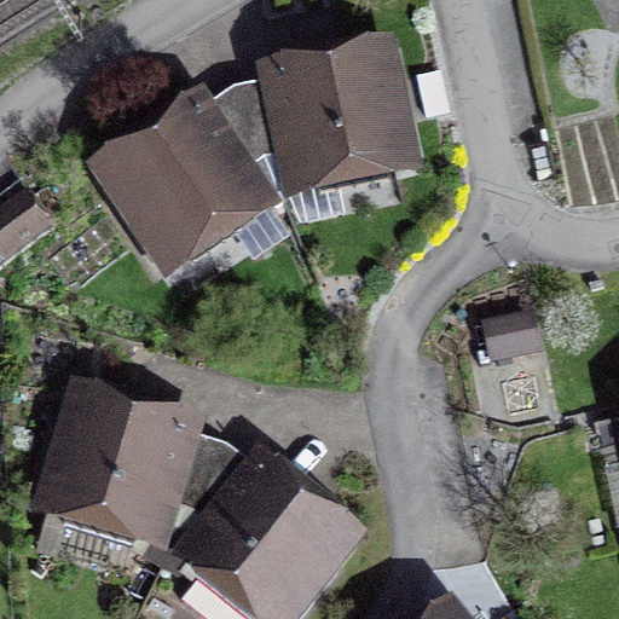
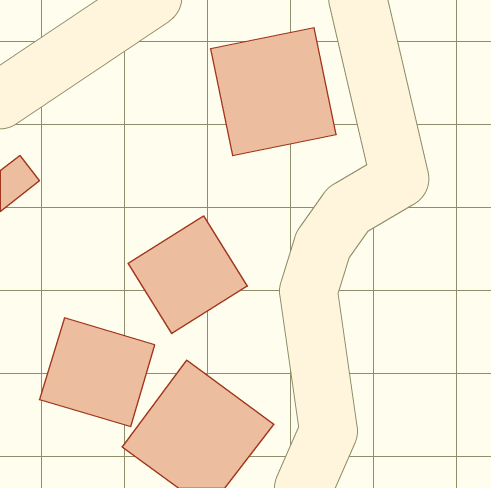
building: [94,75,277,256] -> none
building: none -> [128,216,247,334]

